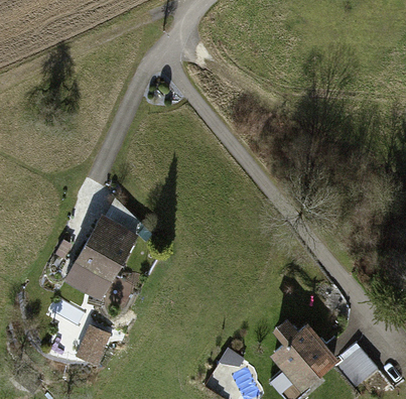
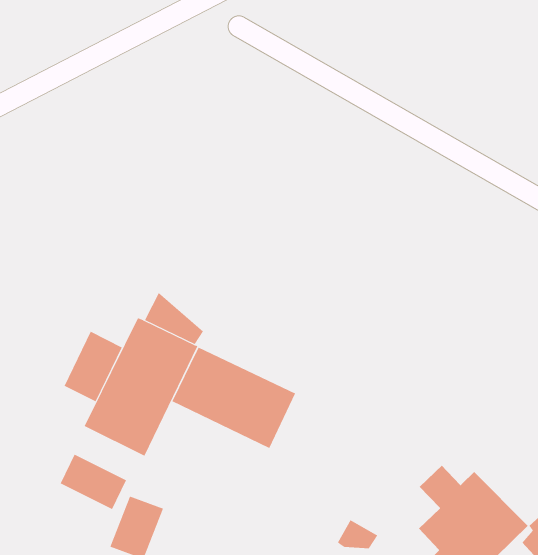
building: none -> [64,331,122,402]
building: none -> [172,347,296,449]

